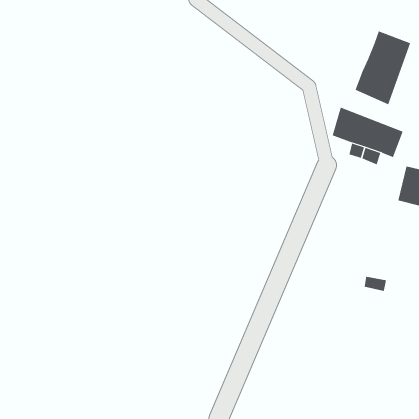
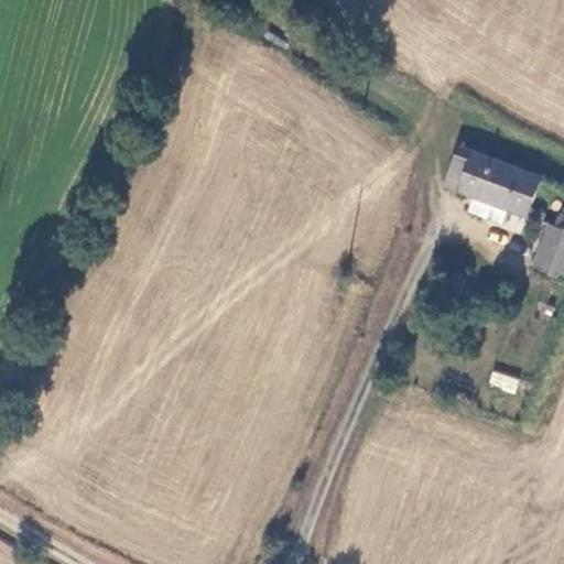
building: [355,31,411,105] -> none

